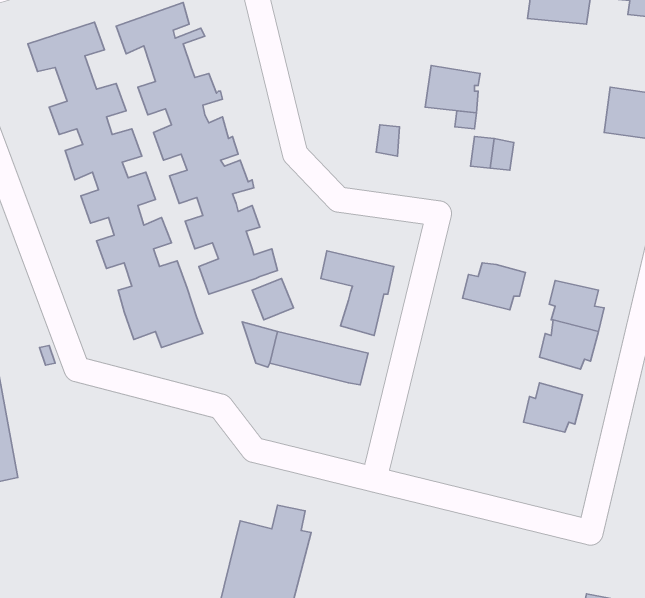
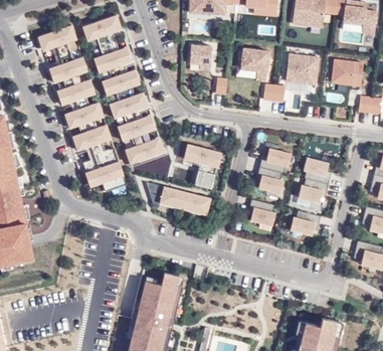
building: none -> [190,45,222,64]
building: none -> [286,53,320,84]
building: none -> [256,167,283,193]
building: none -> [248,199,275,225]

